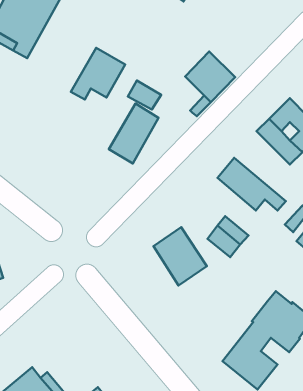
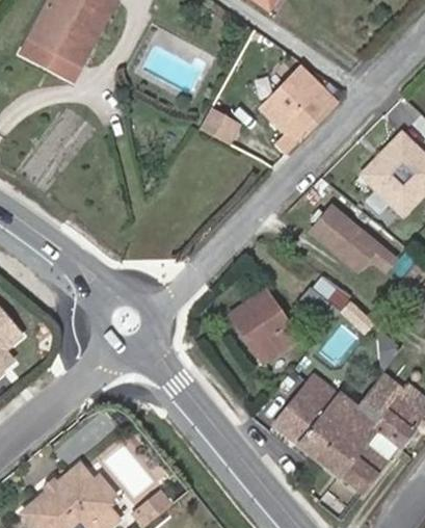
building: [71,48,125,99] -> none
building: [109,103,158,164] -> none
building: none -> [275,376,356,458]

